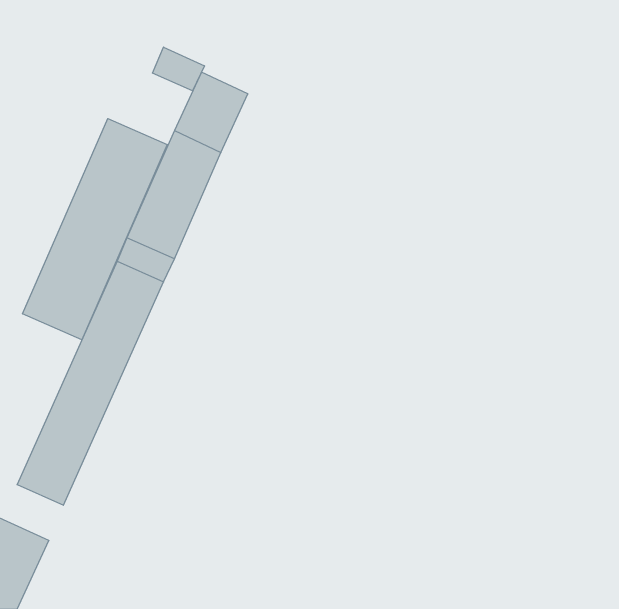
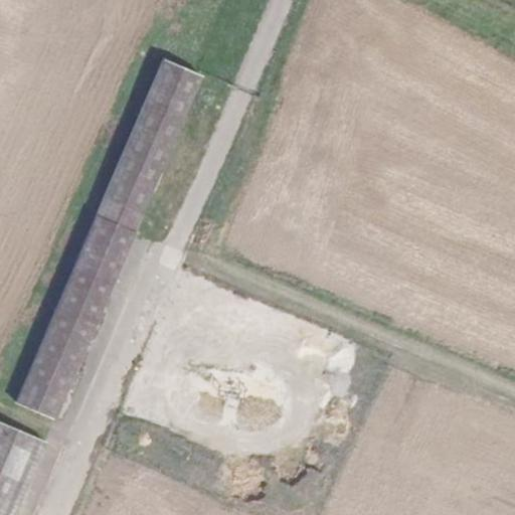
building: [153,47,204,91] -> none
building: [23,119,167,340] -> none

